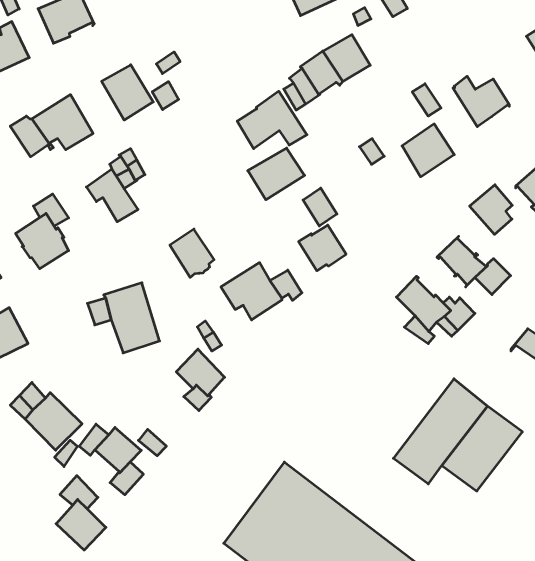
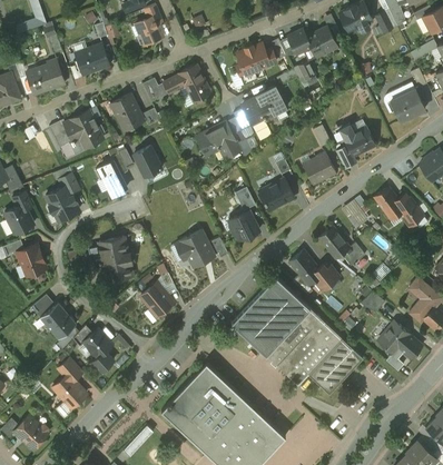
building: none -> [163,66,209,102]
building: [248,148,305,200] -> [257,179,294,211]
building: [170,229,214,277] -> [132,147,160,178]
building: none -> [230,277,321,367]

